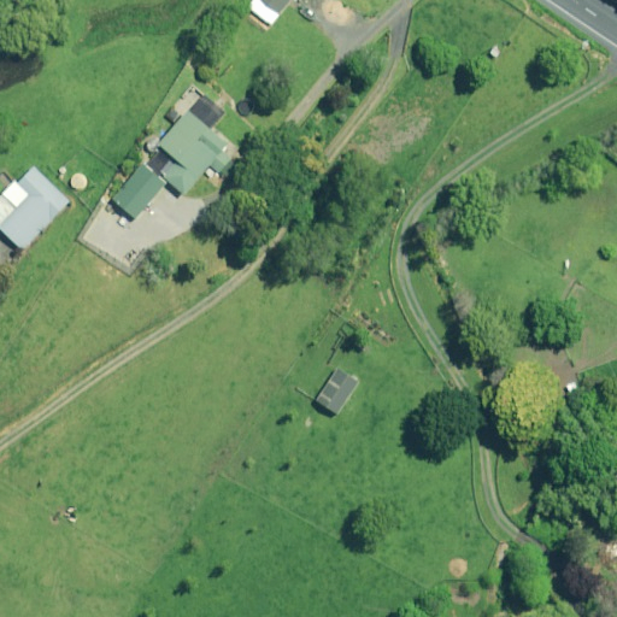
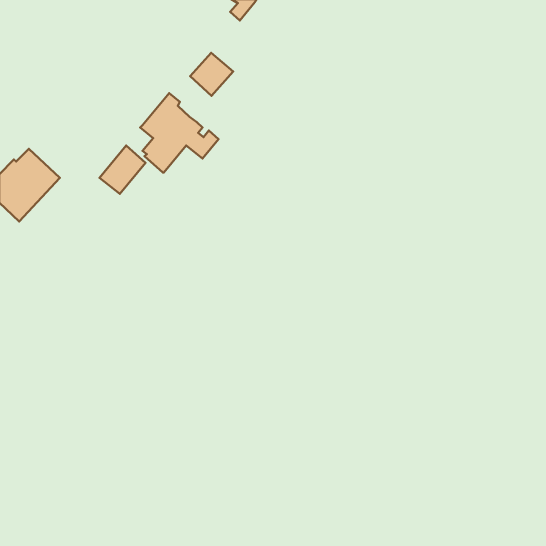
building: none -> [190,53,233,96]
building: [316,365,358,411] -> none

